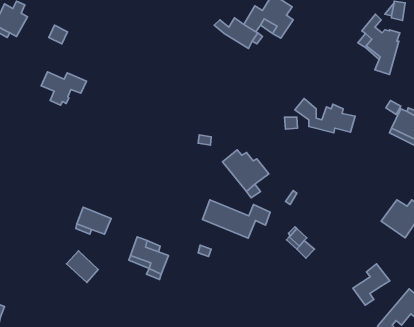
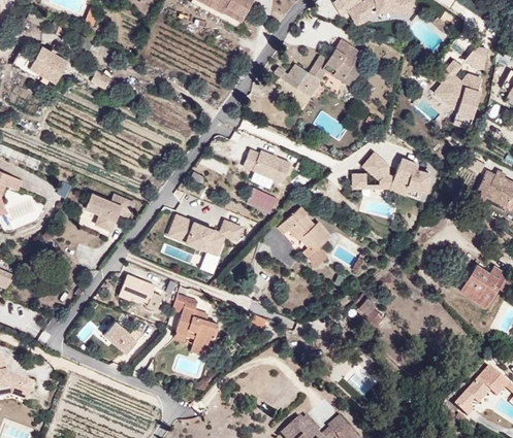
building: [41,72,86,105] -> [88,195,138,232]
building: none -> [245,150,293,183]
building: [203,200,270,238] -> [170,215,246,258]
building: [353,264,390,305] -> none

